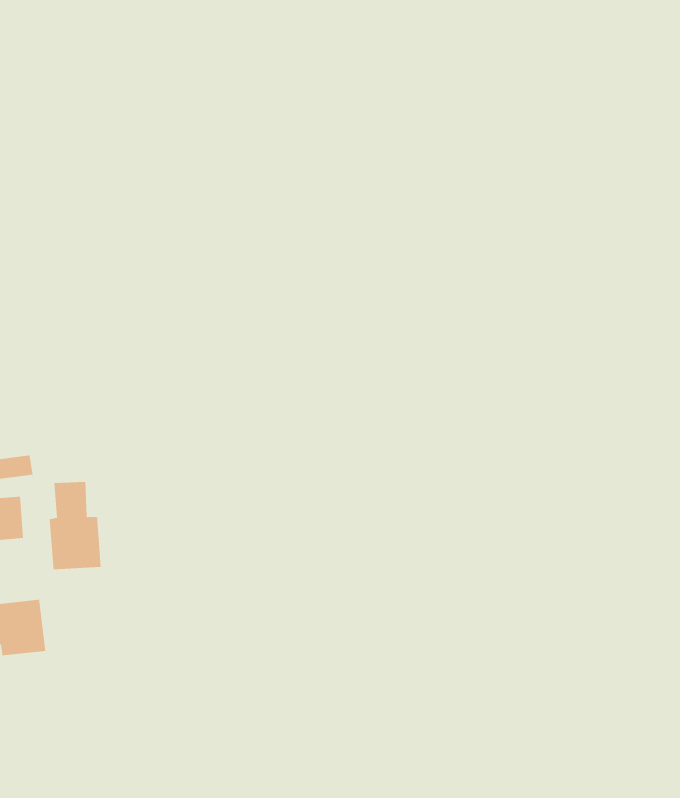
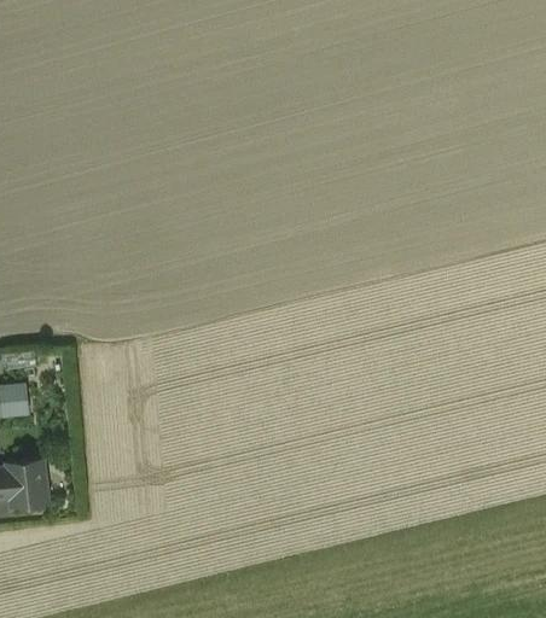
building: [49,481,102,570] -> none

